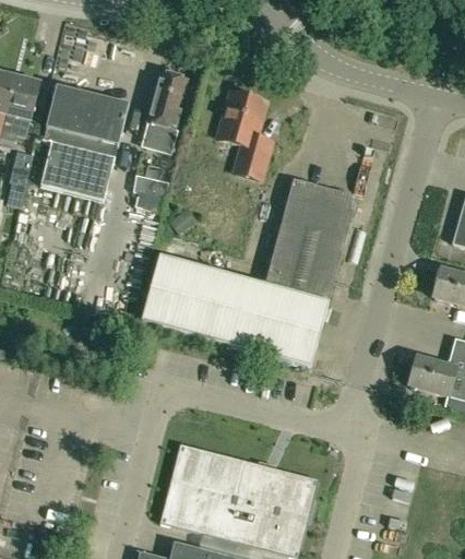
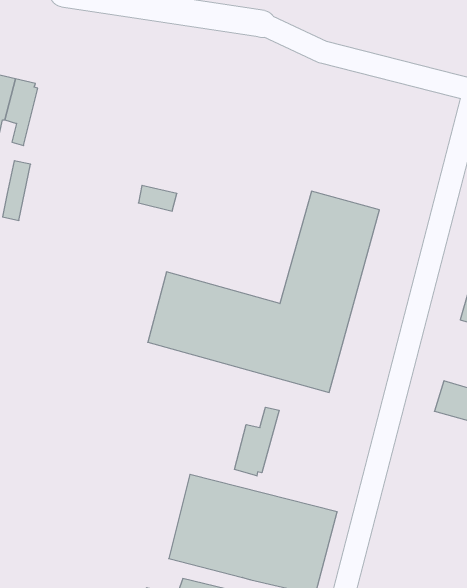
building: [141,71,187,153] -> none
building: [39,85,128,200] -> none
building: [217,91,272,179] -> none
building: none -> [234,407,279,476]

